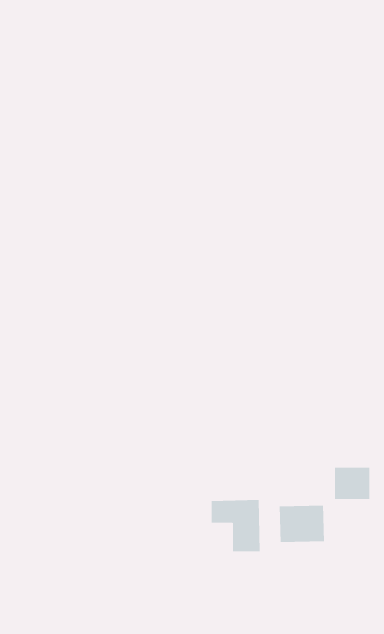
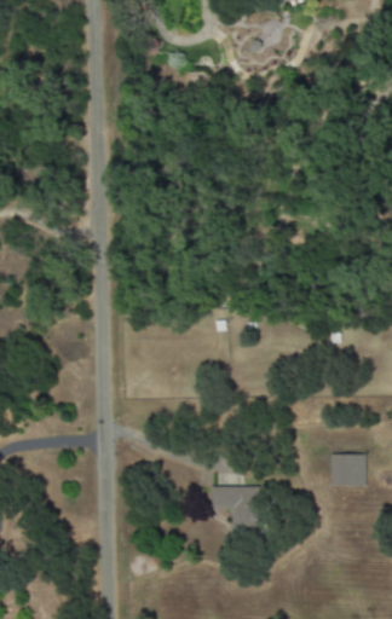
building: [279,505,324,543] -> none

